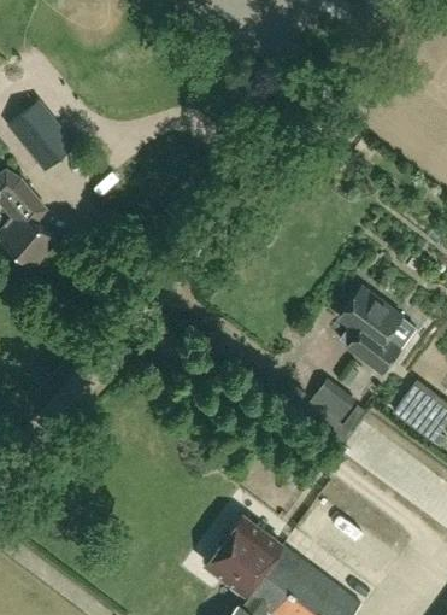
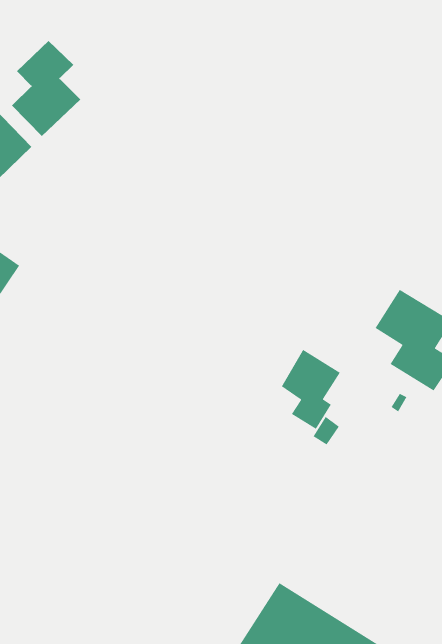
building: none -> [11,40,81,137]
building: [306,379,355,445] -> [281,349,341,430]

